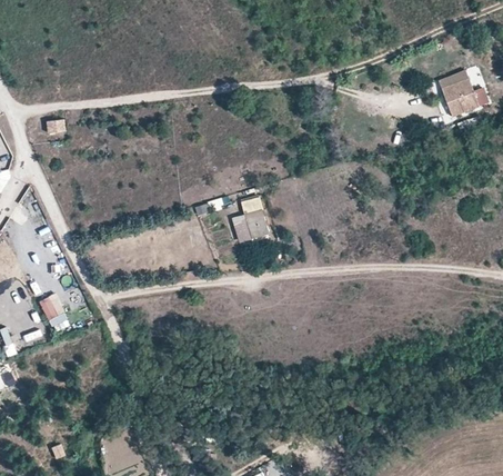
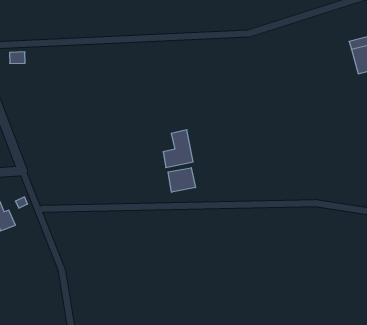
building: none -> [168,168,195,192]

